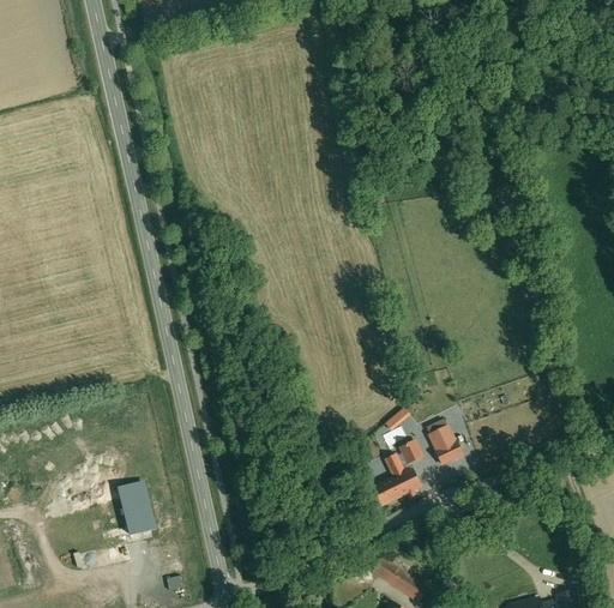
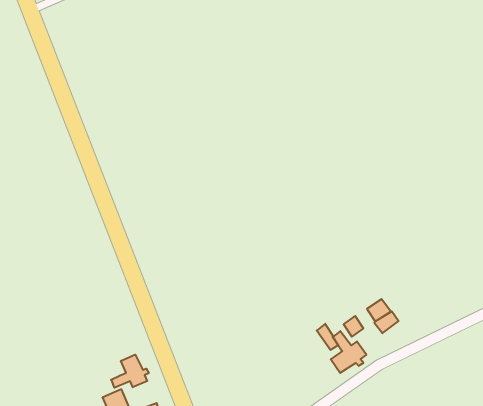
building: none -> [111,355,149,388]

